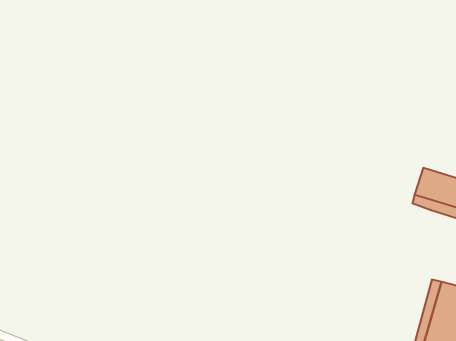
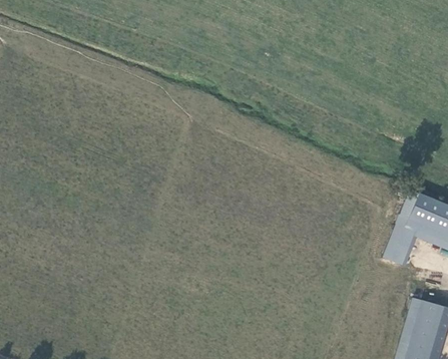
building: none -> [384,227,412,269]

